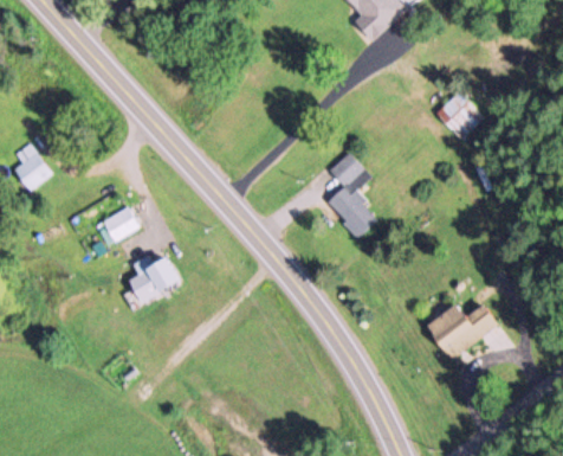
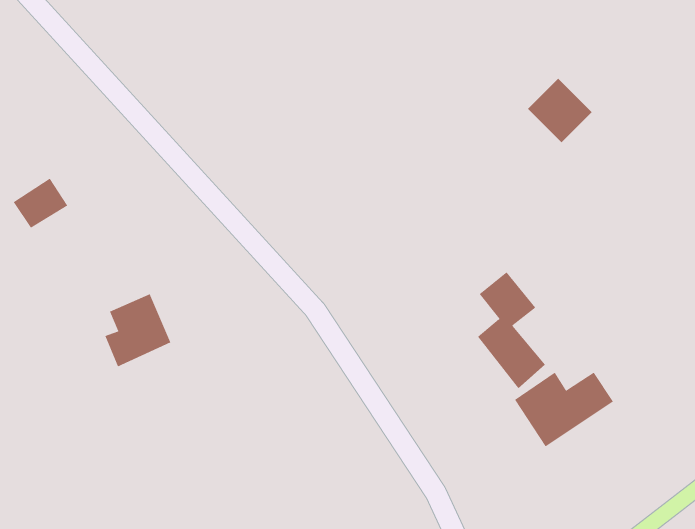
building: [328,153,377,238] -> [477,271,546,389]
building: [99,206,140,243] -> [13,178,68,228]

